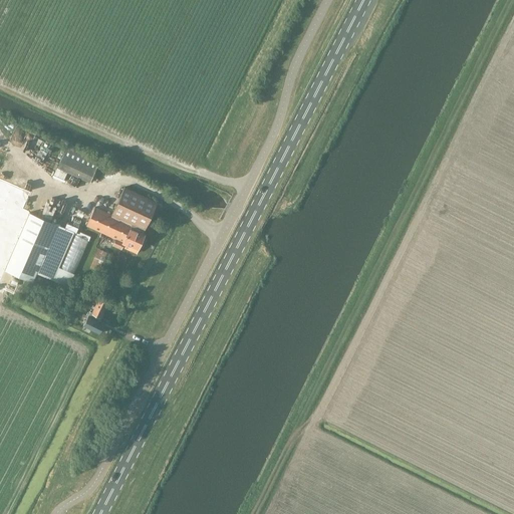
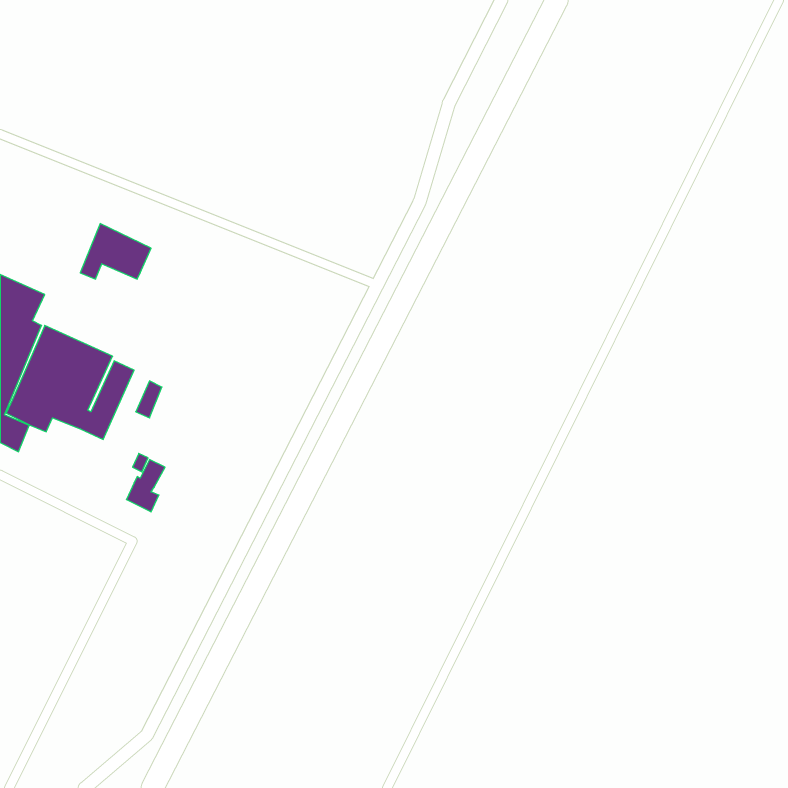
building: [85,187,157,252] -> none

